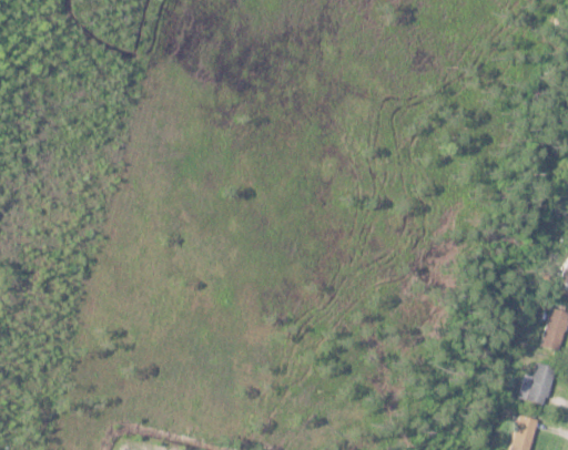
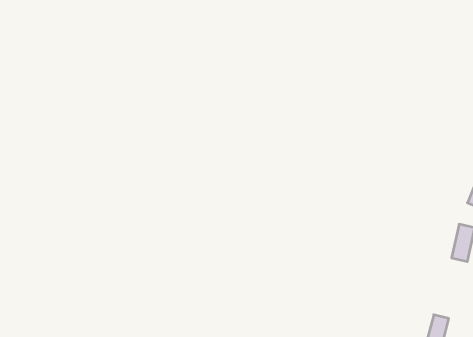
building: [525,361,557,405] -> none

